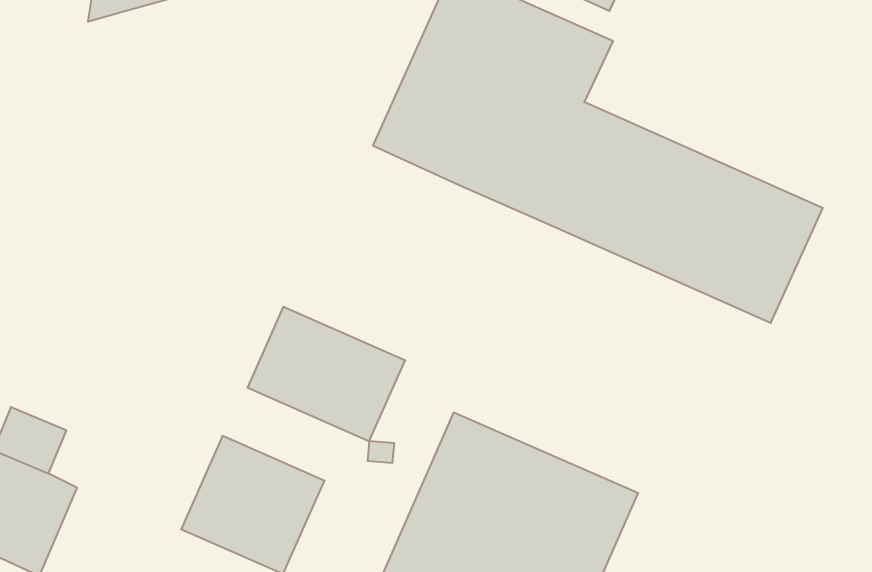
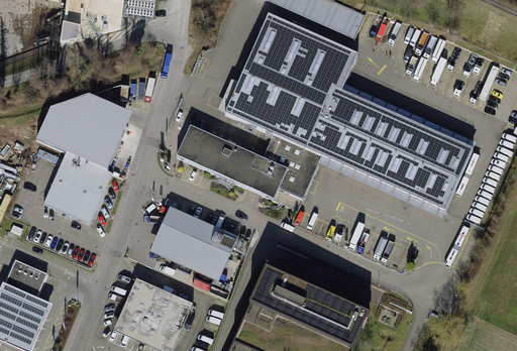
building: none -> [35,96,134,224]
building: none -> [176,124,320,198]

